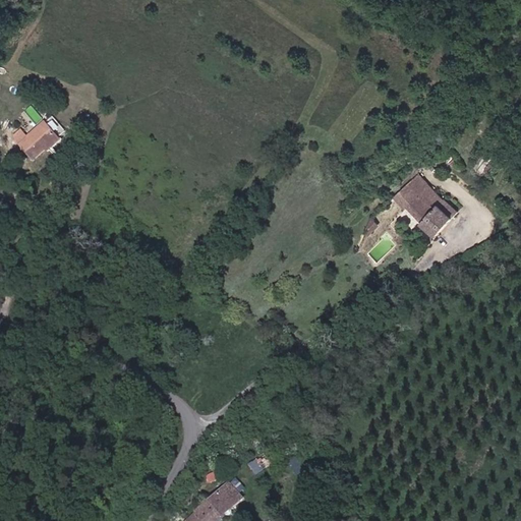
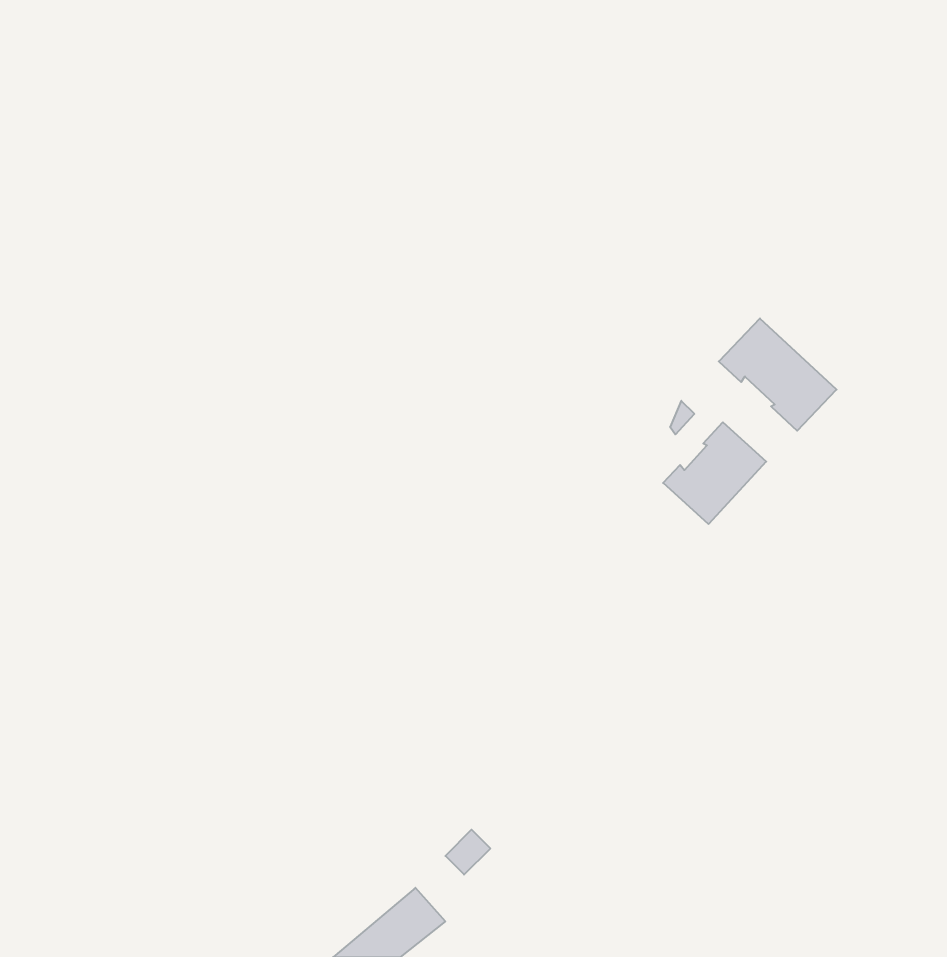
building: [11,122,58,161] -> none
building: none -> [663,422,766,524]

